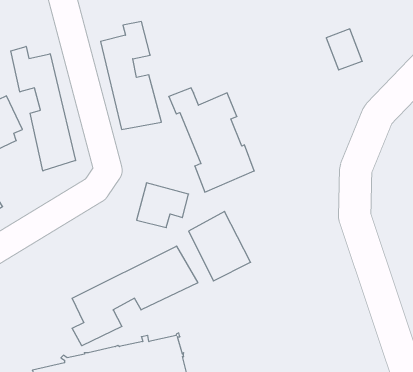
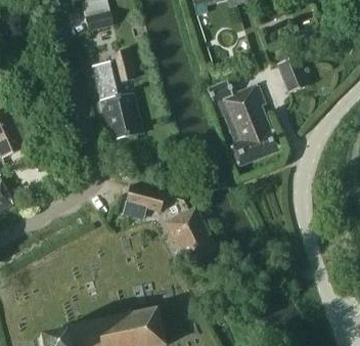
building: [11,46,76,171] -> none
building: [169,88,254,192] -> [208,80,278,166]
building: [72,246,198,346] -> none

